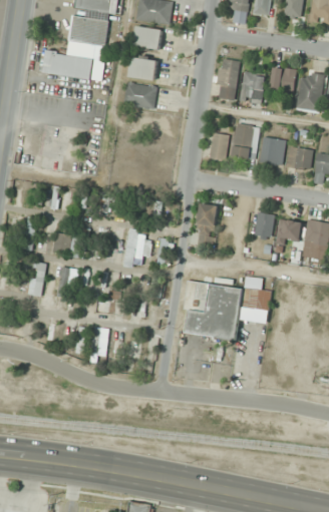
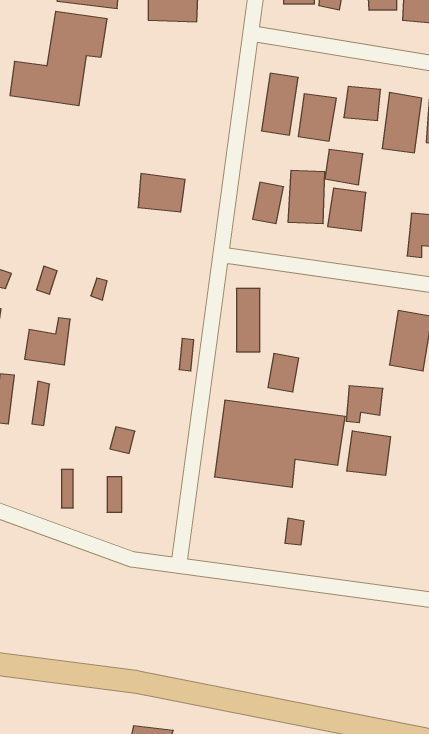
building: [132,26,160,48] -> none
building: [127,56,156,80] -> none
building: [123,81,155,107] -> [138,174,185,212]
building: [286,145,312,169] -> [325,149,363,185]
building: [253,210,274,236] -> [268,354,299,392]
building: [276,218,301,243] -> [346,386,383,423]
building: [123,227,151,267] -> none
building: none -> [347,431,391,475]

